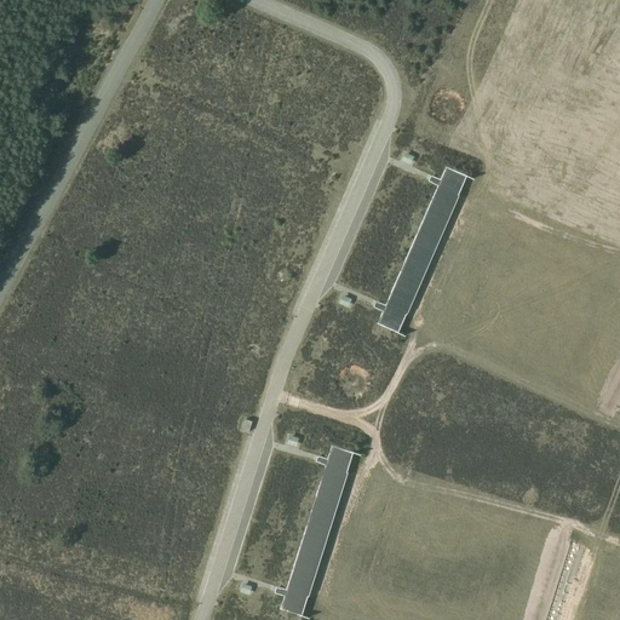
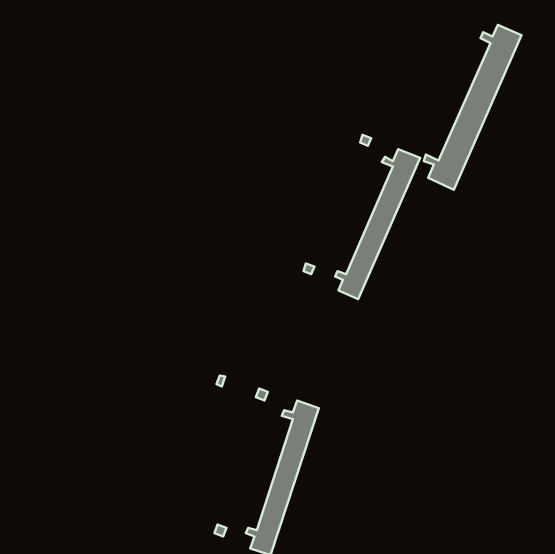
building: none -> [424,25,522,190]

